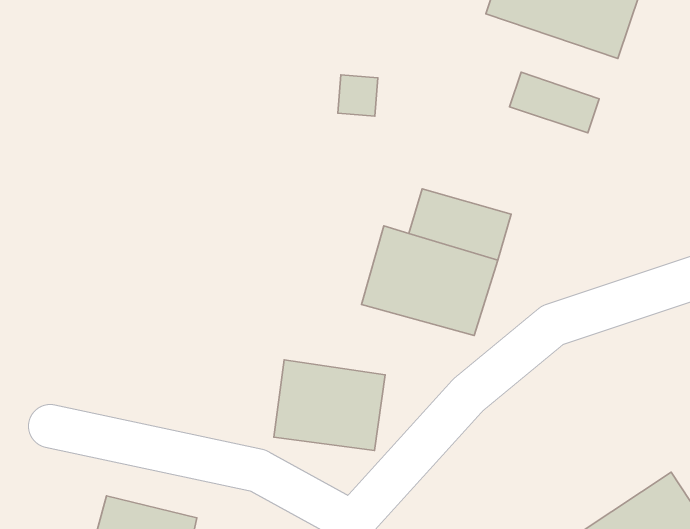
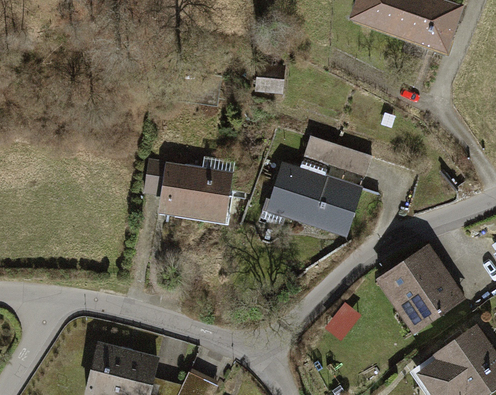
building: [509,72,599,133] -> none
building: none -> [379,243,461,325]
building: [274,360,385,450] -> [156,162,231,223]

